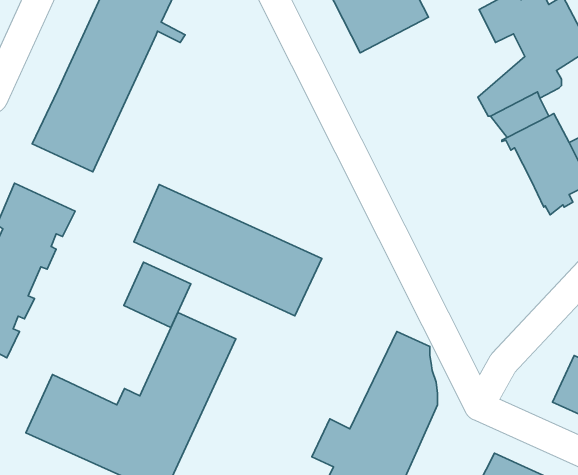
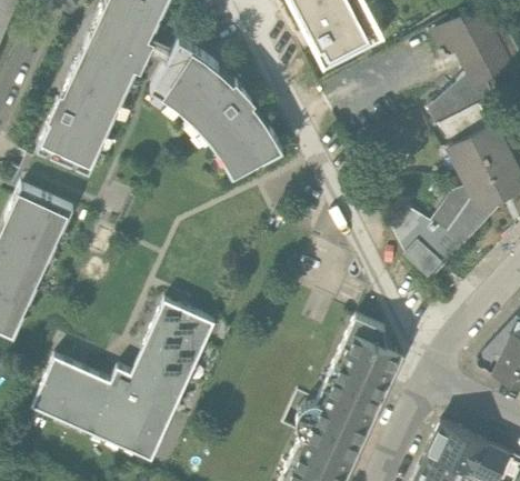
building: none -> [150,39,283,178]
building: none -> [392,182,490,275]
building: [134,184,322,316] -> none
building: [124,262,191,327] -> none

